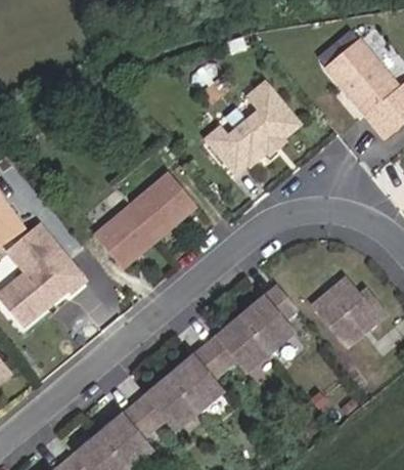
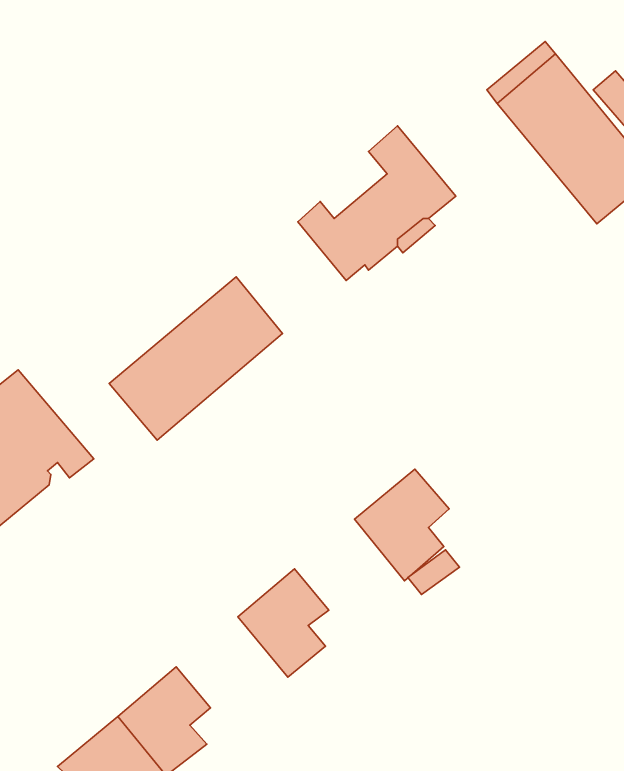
building: [313,277,386,345] -> none
building: [204,315,269,372] -> none
building: [133,374,199,430] -> none

